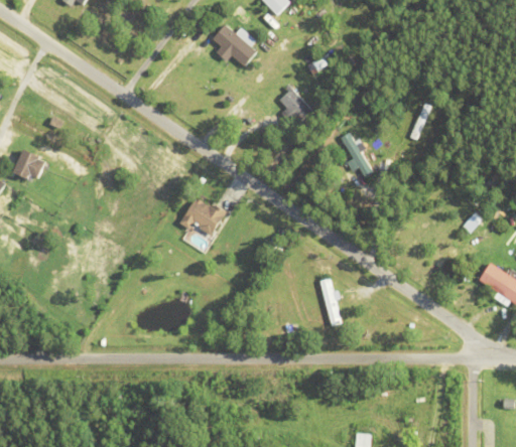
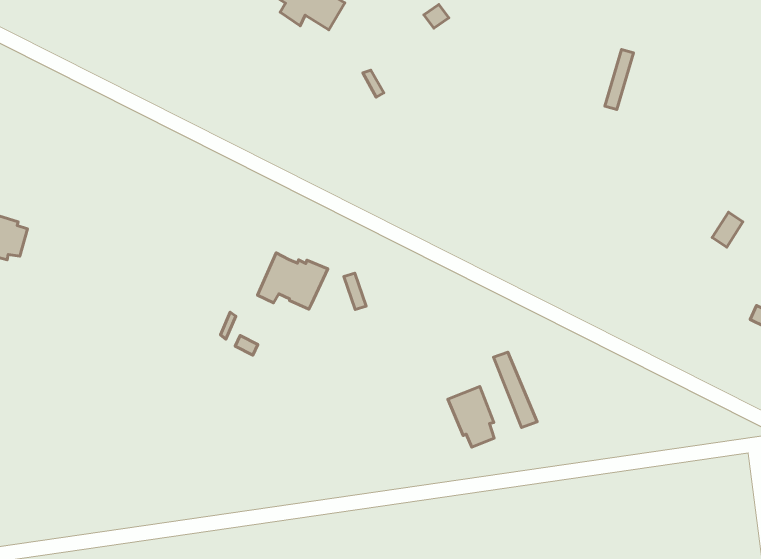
building: [279,88,311,122] -> none
building: [341,132,373,176] -> none
building: none -> [448,386,494,447]

